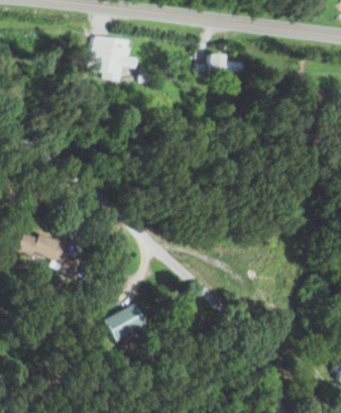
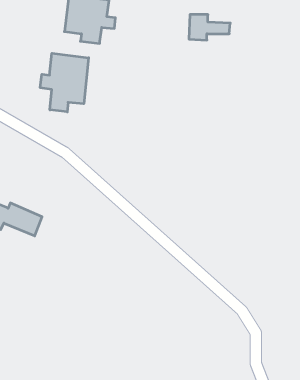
building: none -> [40,53,89,112]
building: [102,304,144,341] -> none

